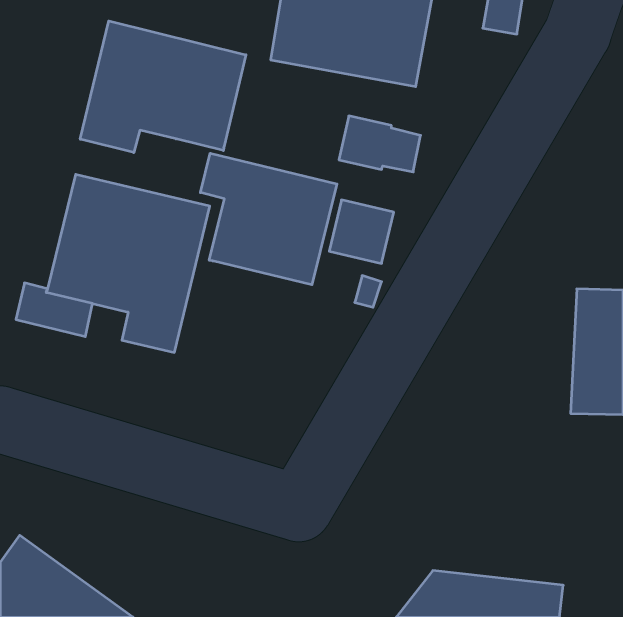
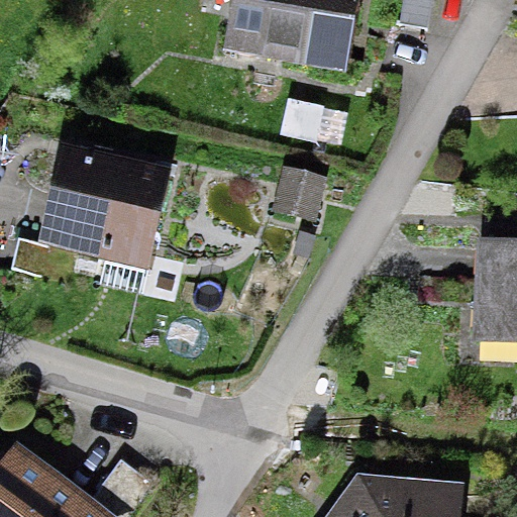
building: [80,21,246,153] -> none
building: [200,153,337,285] -> none

